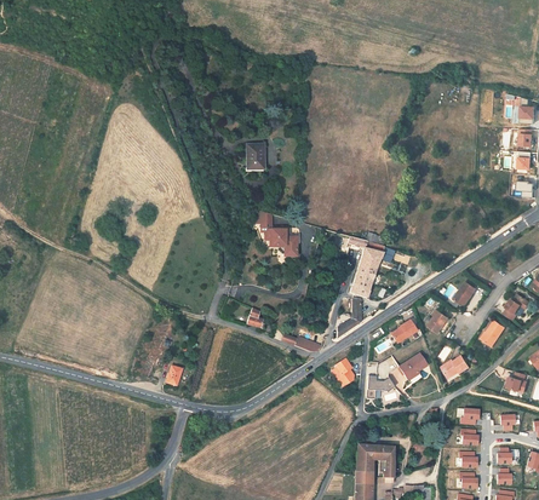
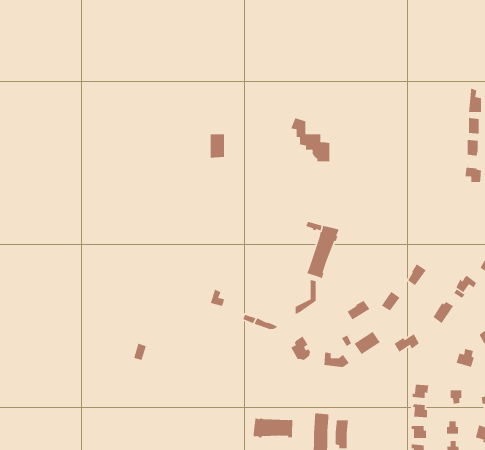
building: [254,211,297,258] -> [290,117,330,162]
building: none -> [253,417,293,438]

